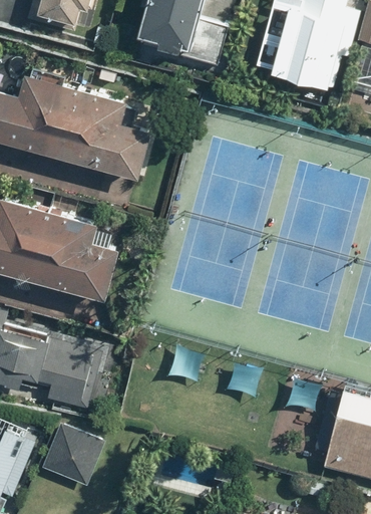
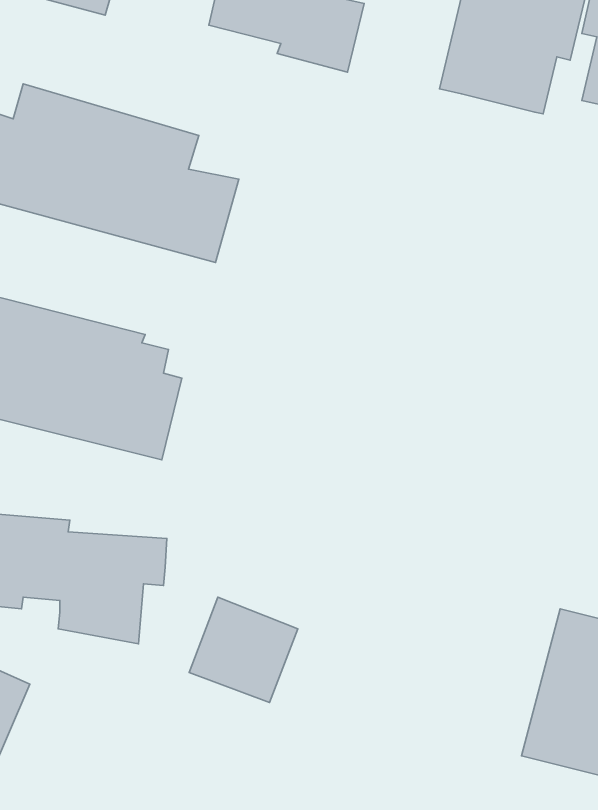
building: [39,422,104,485] -> [189,597,298,703]

